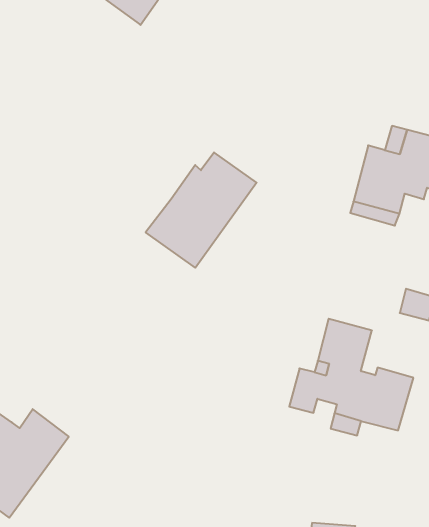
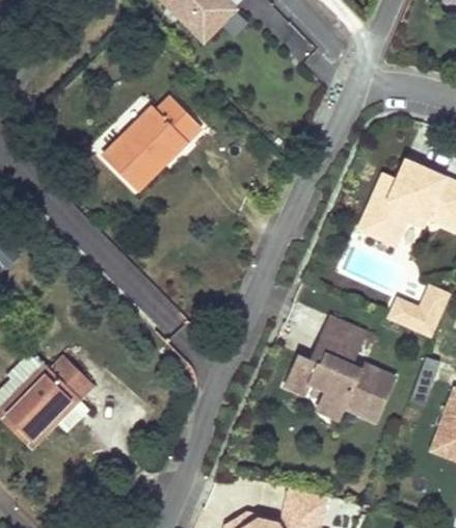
building: [146,152,257,268] -> [101,97,202,192]

